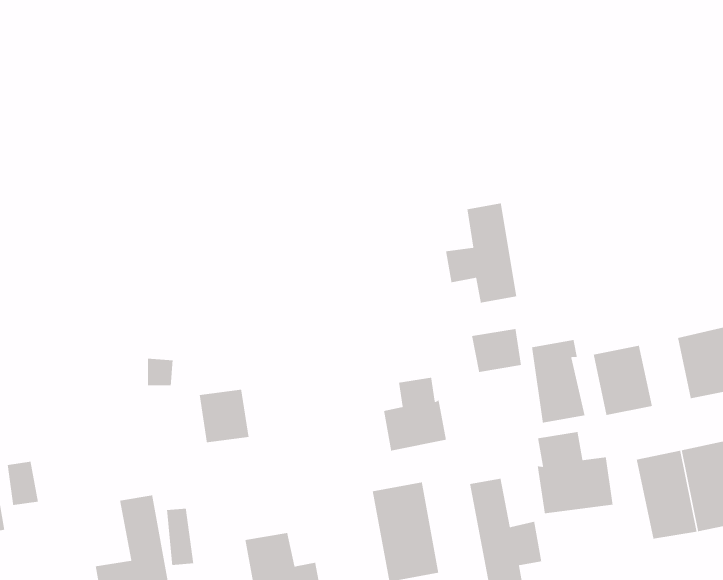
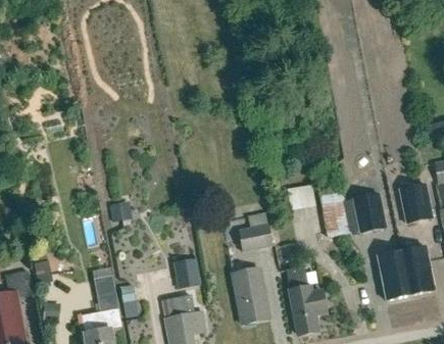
building: [445,203,517,304] -> none
building: [199,389,249,443] -> [174,258,201,288]
building: [537,431,613,514] -> none

